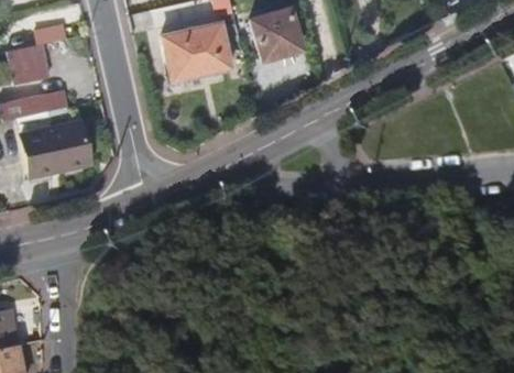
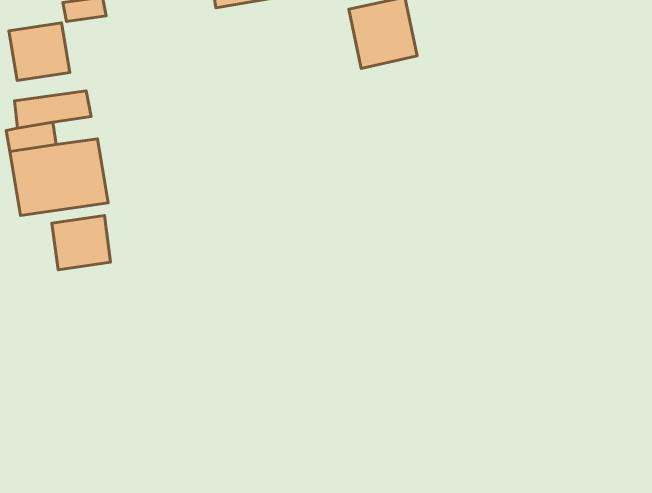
building: [162,22,230,77] -> none
building: none -> [52,216,111,270]

